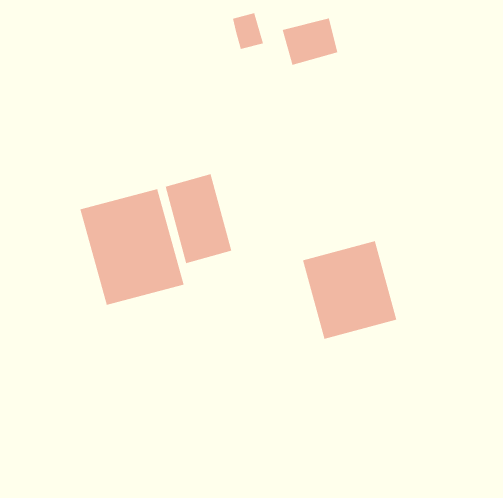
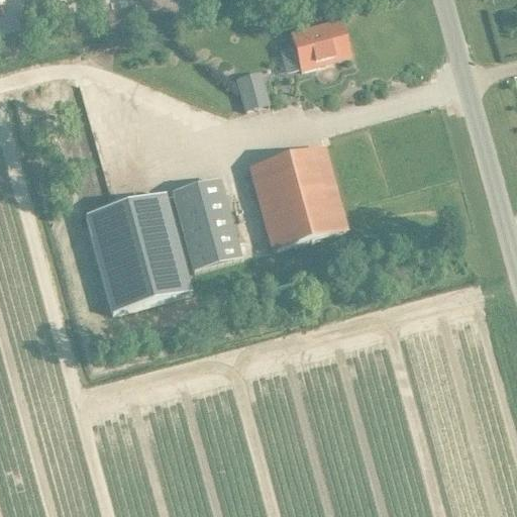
building: [232,13,264,49] -> [236,70,269,107]
building: [302,240,397,340] -> [249,145,346,246]

